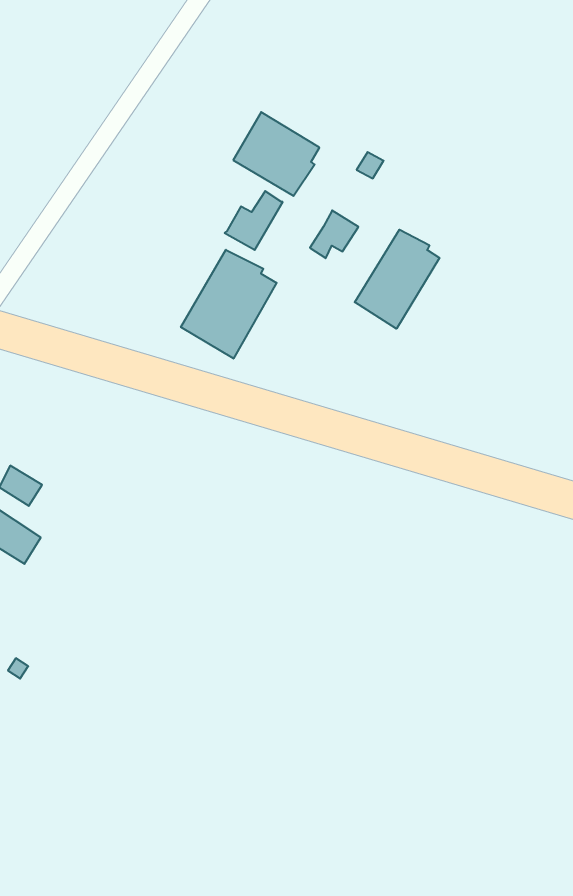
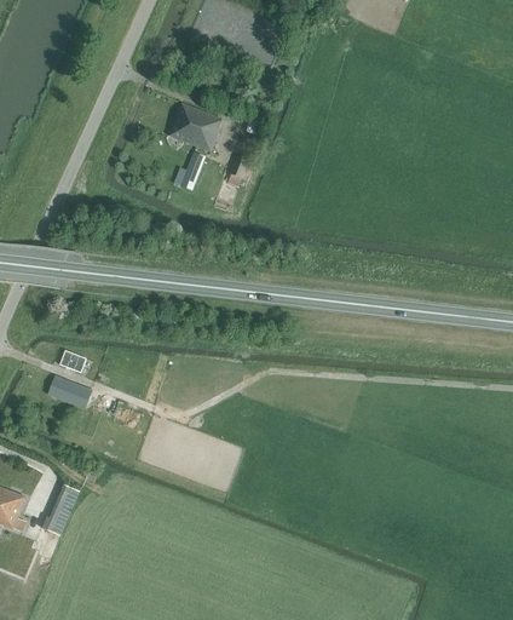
building: [355,230,439,329] -> none
building: [181,250,277,359] -> none

